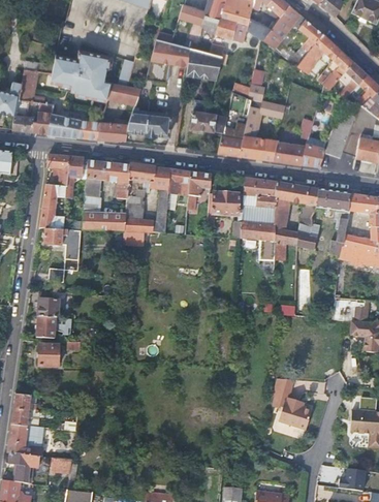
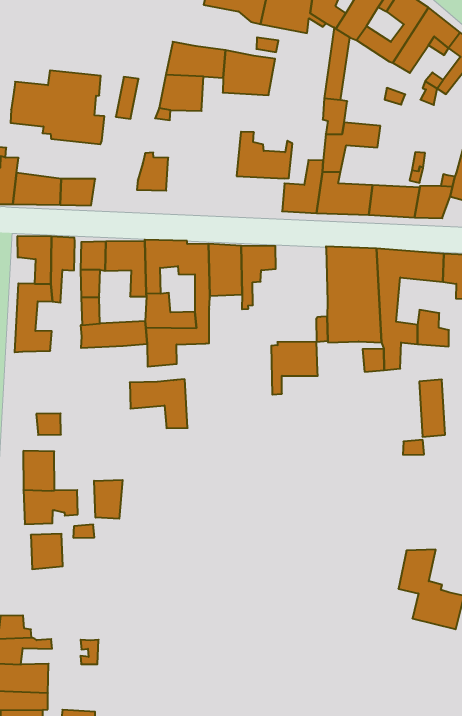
building: [106,83,140,106] -> none
building: [145,109,171,136] -> none
building: [96,112,131,142] -> none
building: [207,192,238,225] -> [271,342,318,395]
building: [43,227,80,259] -> [130,379,188,428]
building: none -> [94,480,123,519]

